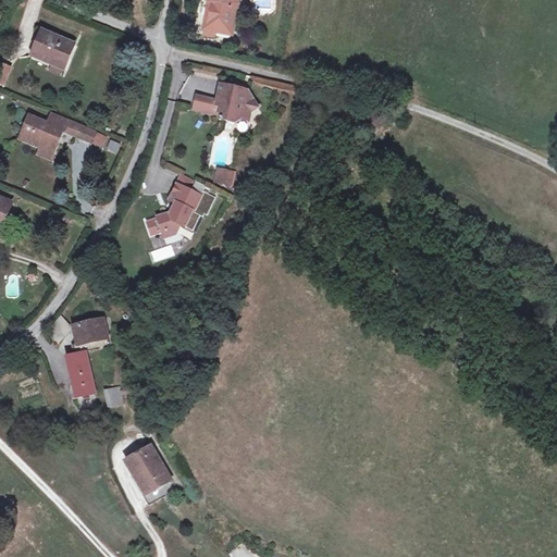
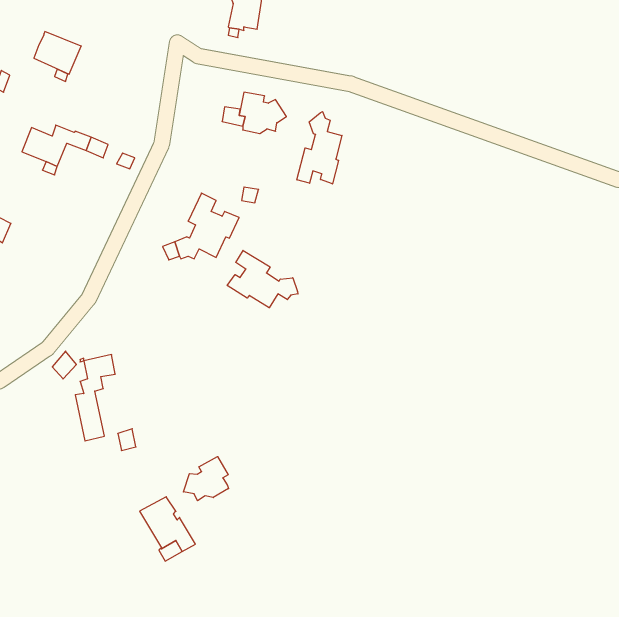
building: none -> [297,112,342,184]
building: none -> [227,250,298,308]
building: none -> [183,457,229,501]

